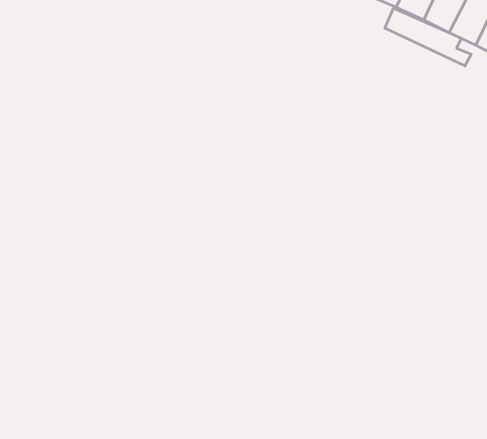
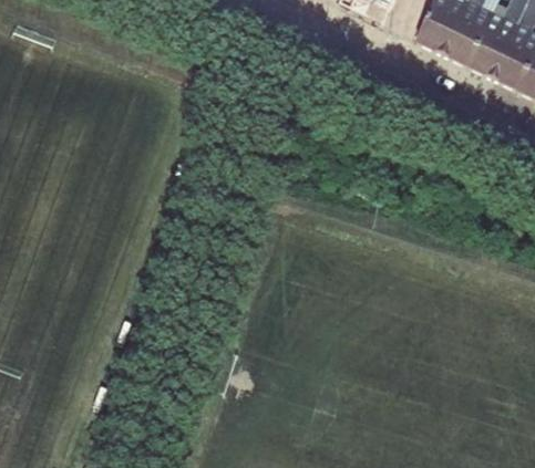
building: [385,8,471,66] -> none

